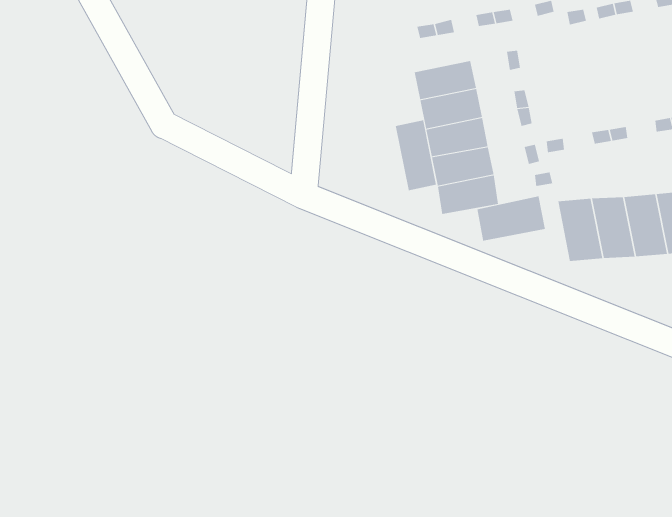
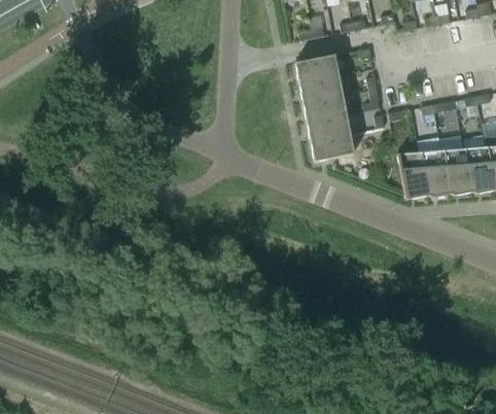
building: [395,120,437,191] -> none
building: [477,195,546,242] -> none

